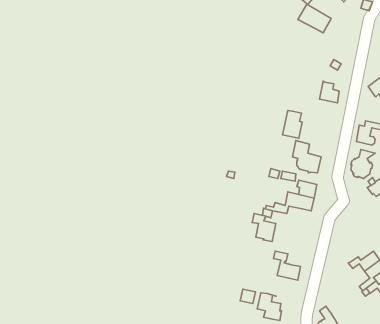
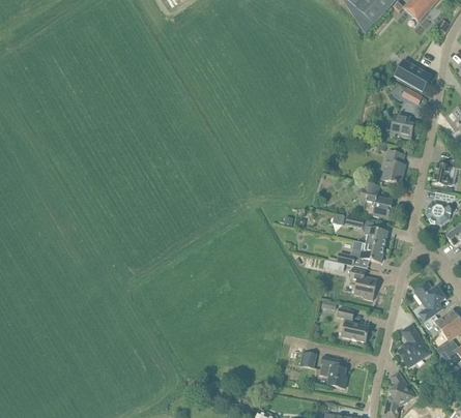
building: [298,4,331,33] -> [394,59,432,92]
building: [282,110,302,138] -> [382,151,405,183]
building: [252,214,276,242] -> [350,268,377,300]
building: none -> [415,282,445,322]
building: none -> [397,324,431,367]

